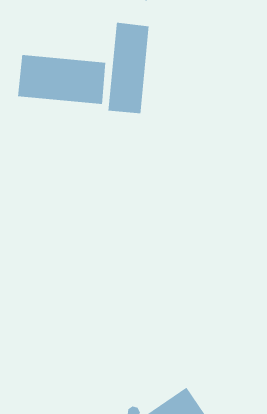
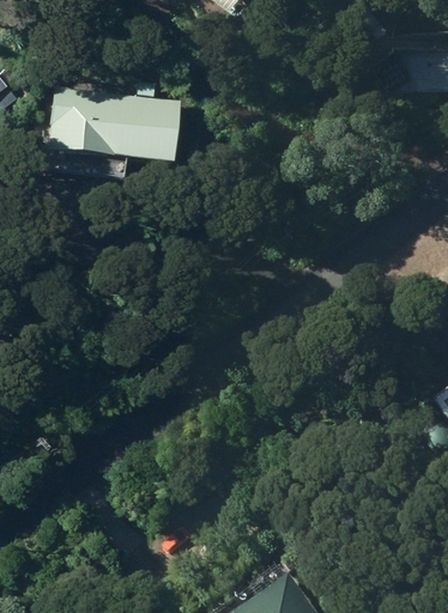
building: [108,22,149,114] -> none

